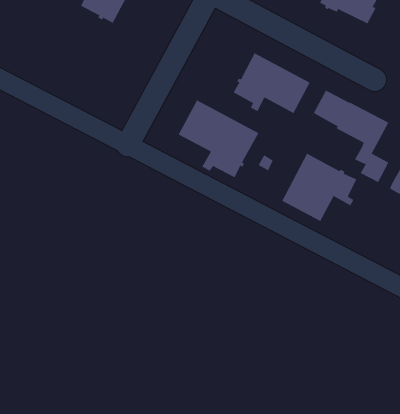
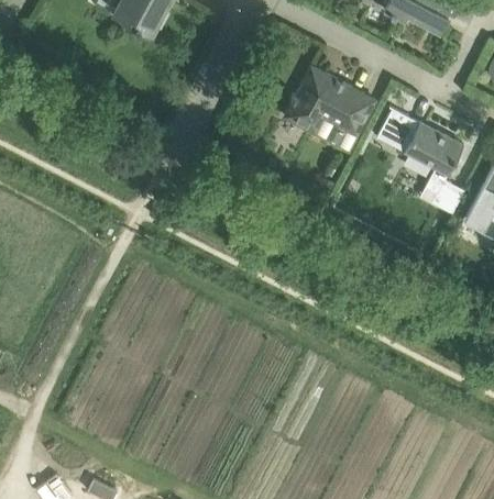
building: [178,100,259,178] -> none
building: [282,153,357,222] -> none

